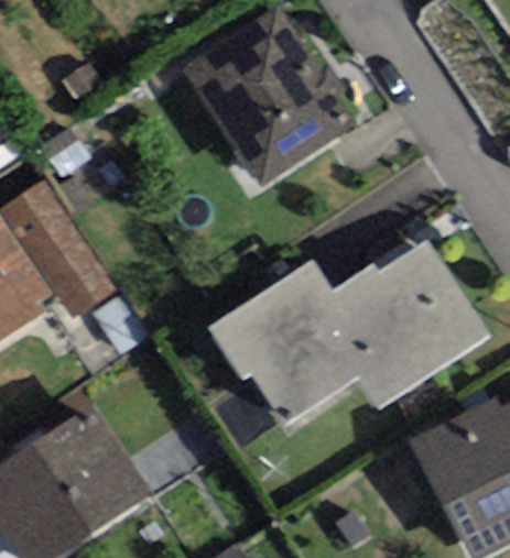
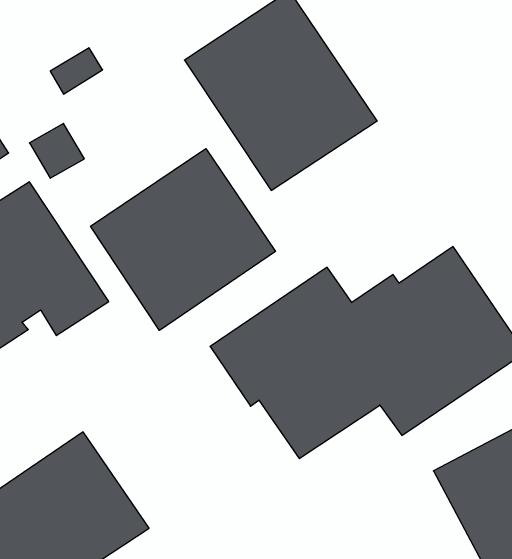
building: none -> [91,149,275,330]

